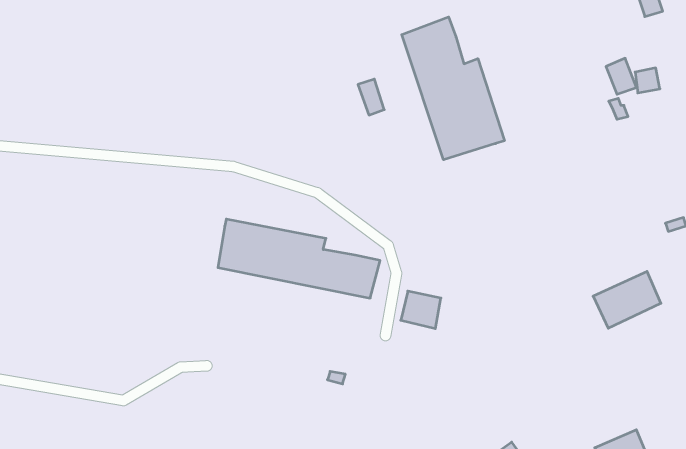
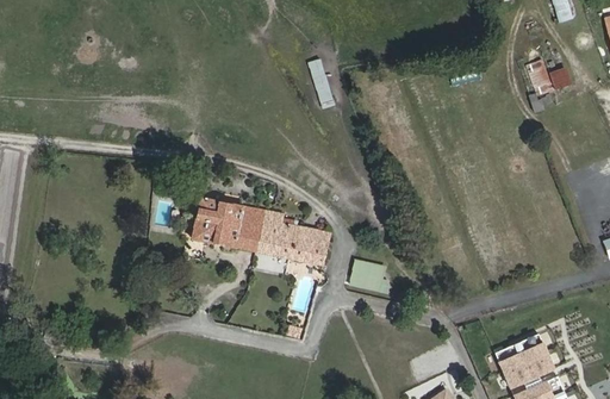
building: [402,17,504,160] -> none
building: [593,271,661,328] -> [499,339,558,388]

